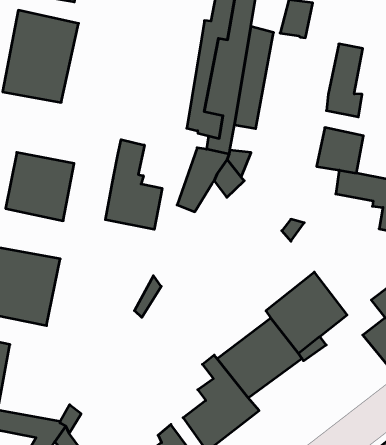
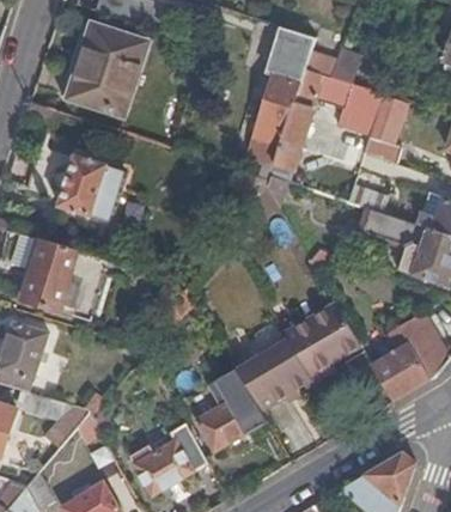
building: none -> [334,80,384,138]
building: [105,140,162,229] -> none

